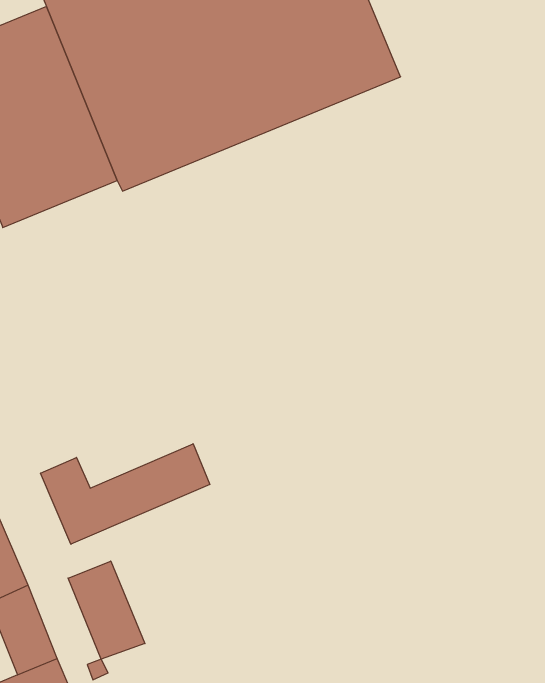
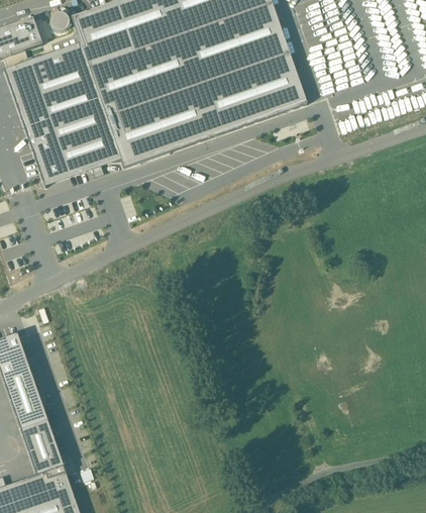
building: [41,444,210,544] -> none
building: [68,561,145,659] -> none

